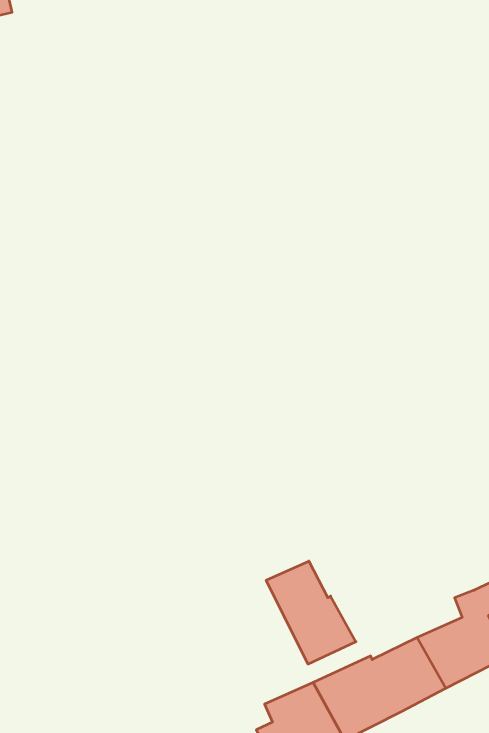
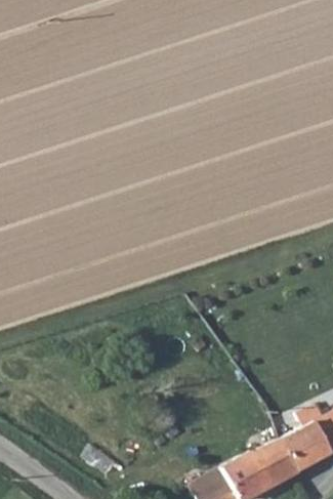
building: [266,561,356,664] -> none

